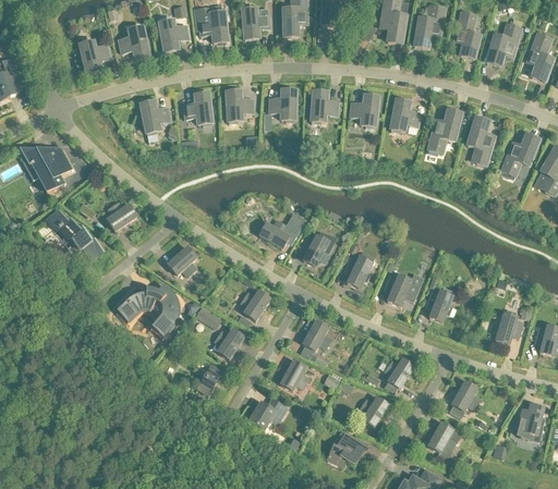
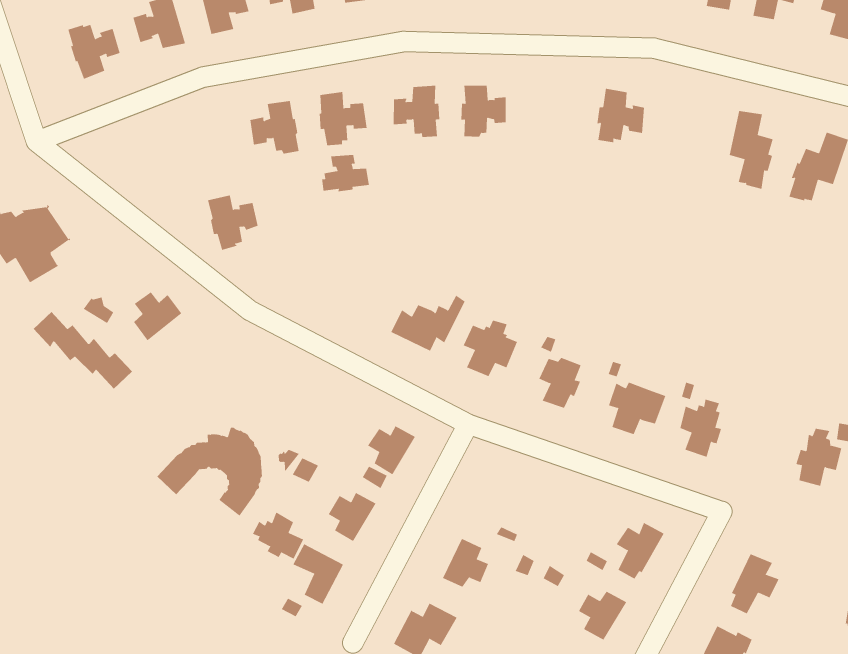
building: [350,95,378,127] -> none
building: [141,101,170,134] -> [207,195,258,250]
building: [428,110,461,151] -> none
building: none -> [321,154,370,192]
building: [168,246,196,276] -> none
building: [303,320,331,351] -> none
building: none -> [252,512,304,560]

